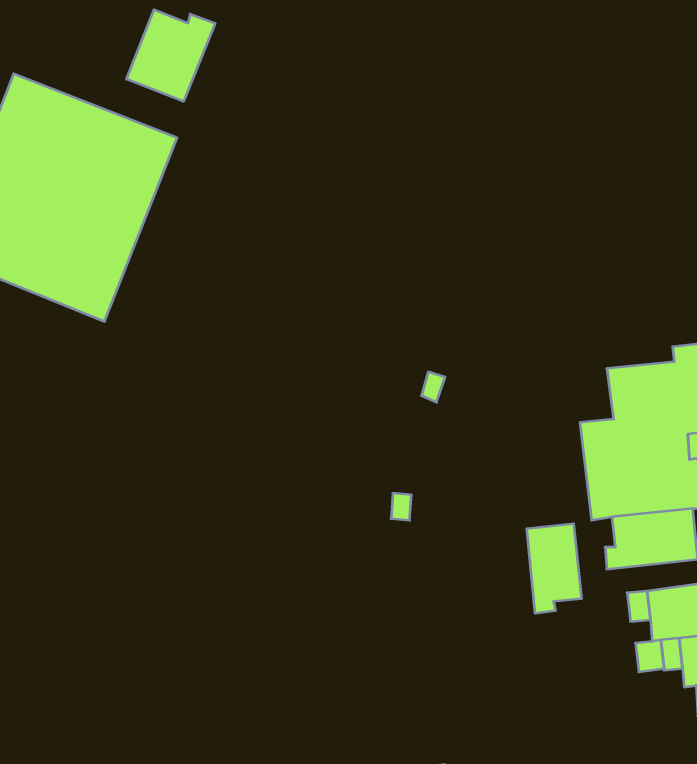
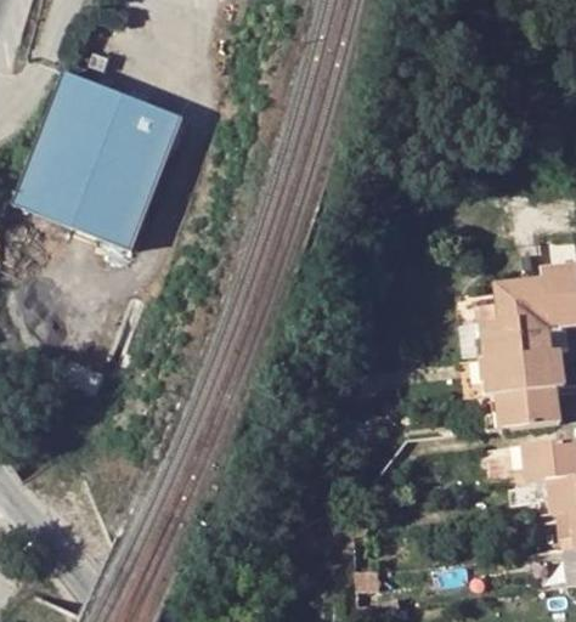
building: [127,10,215,101] -> none
building: [527,524,581,613] -> none

